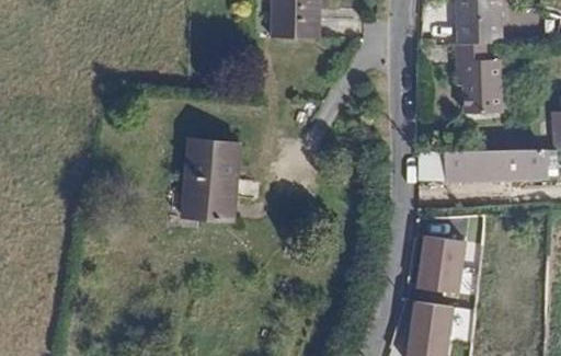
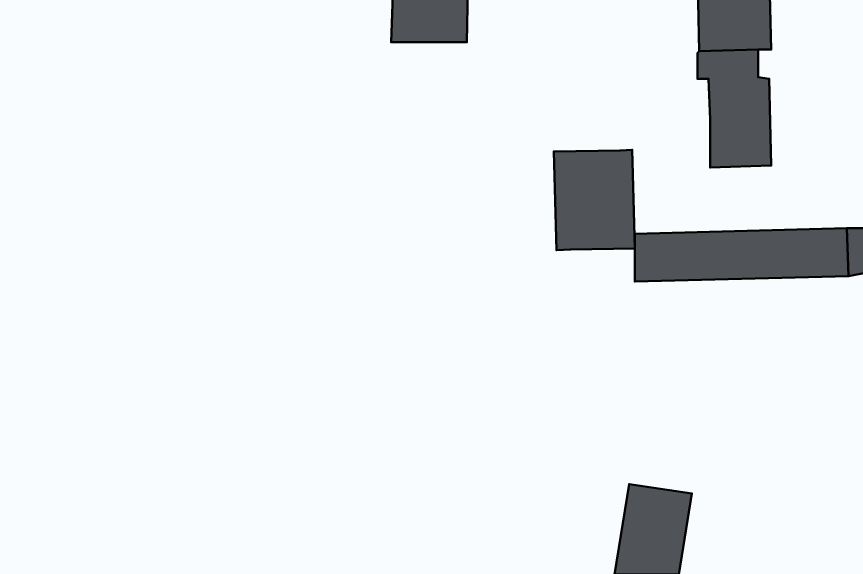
building: none -> [554,150,635,250]
building: [182,139,239,222] -> none
building: [417,236,465,292] -> none

